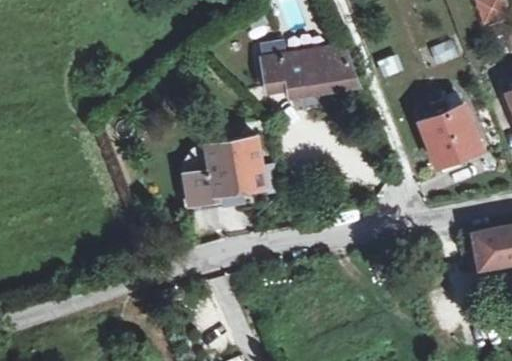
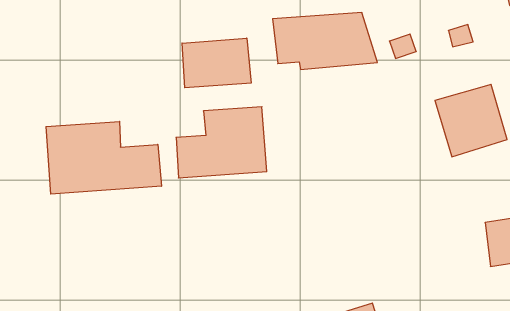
building: none -> [182,38,251,88]
building: none -> [46,121,161,194]

